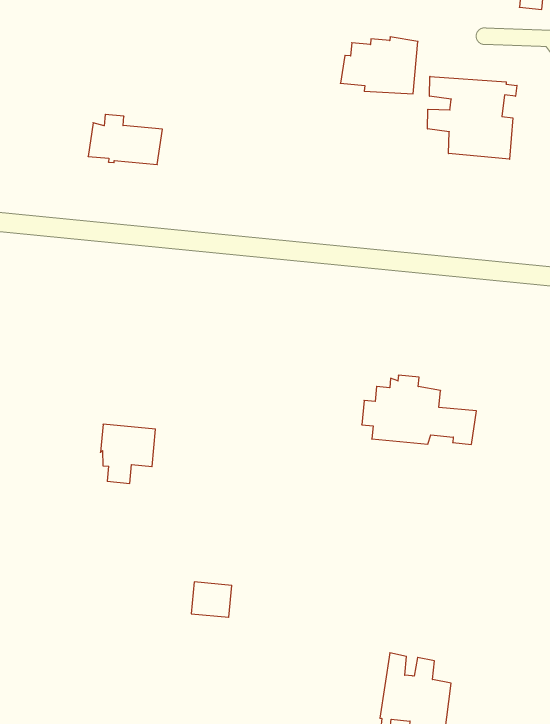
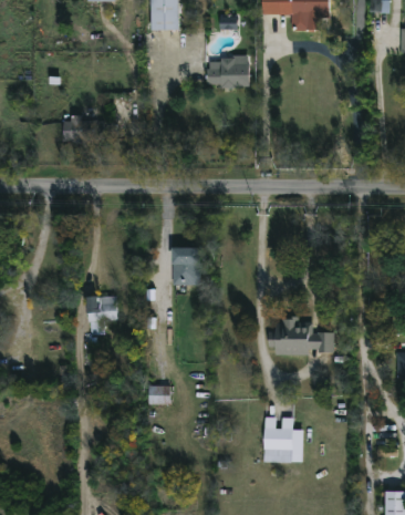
building: [428,76,517,159] -> none
building: none -> [170,248,199,285]
building: [362,375,476,444] -> [268,315,334,353]

